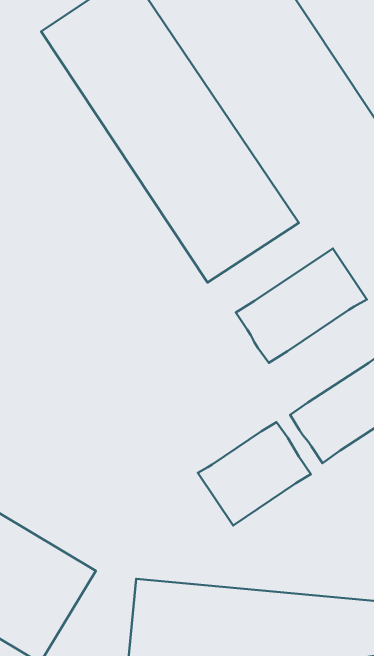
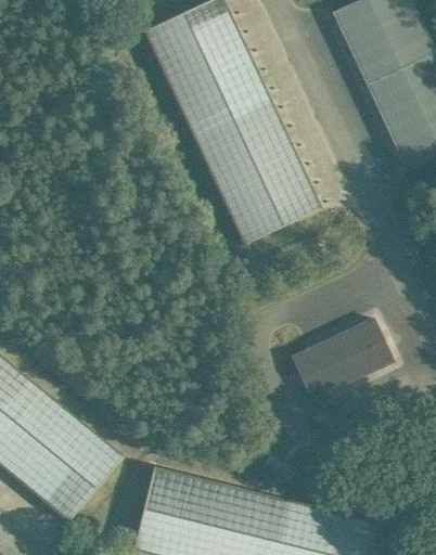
building: [236,248,367,363] -> none
building: [198,422,311,526] -> none

